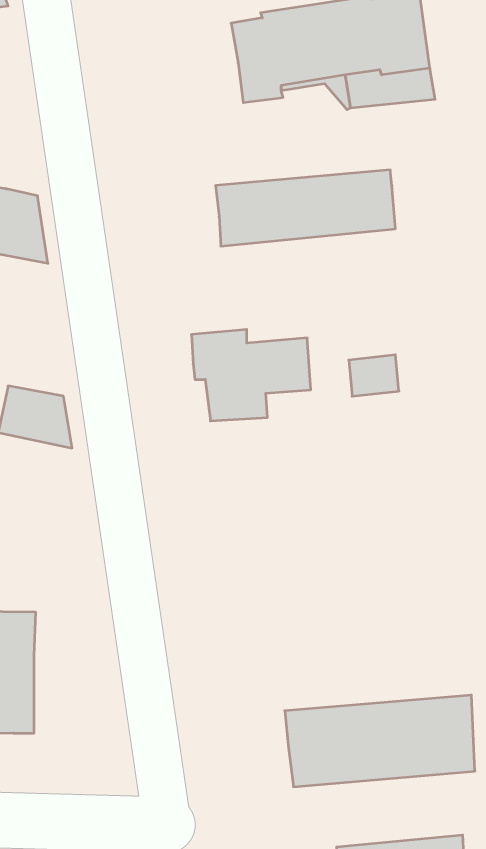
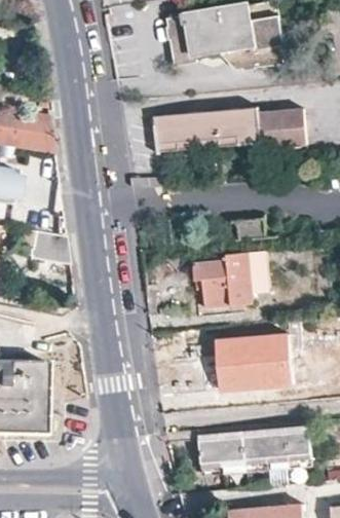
building: none -> [260,110,308,150]
building: [191,329,311,421] -> [192,251,263,305]
building: none -> [215,331,290,386]

